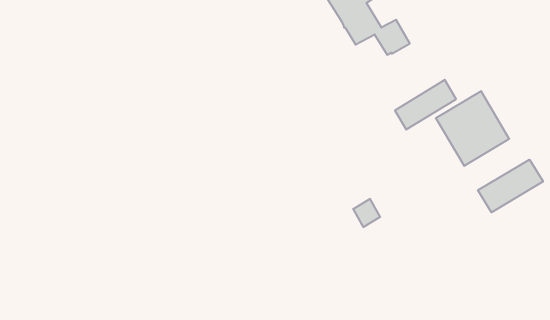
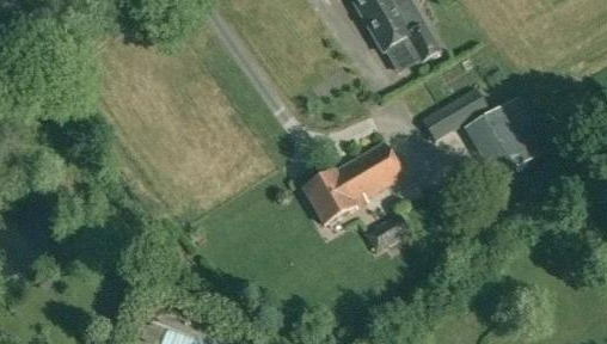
building: none -> [302,140,404,222]
building: [478,160,543,212] -> none

